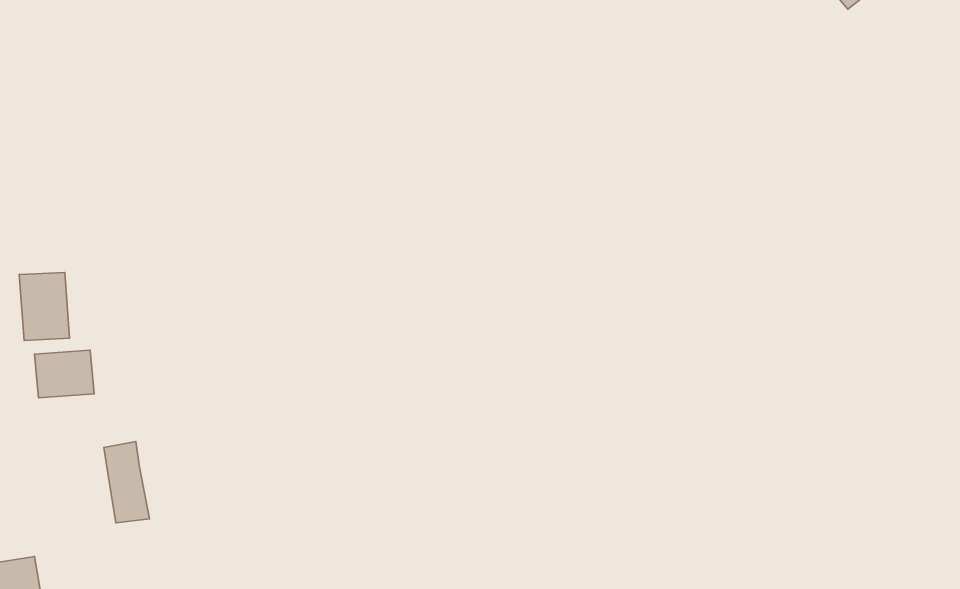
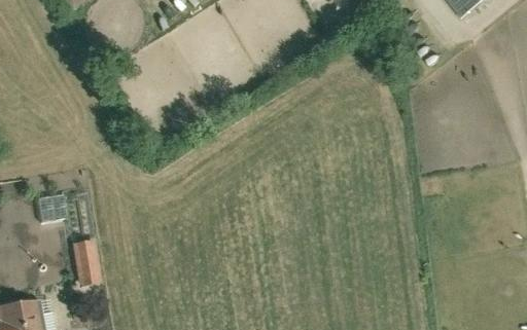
building: [19,272,69,340] -> none

